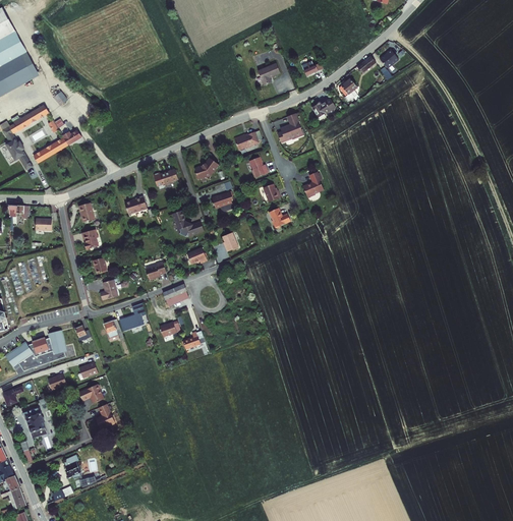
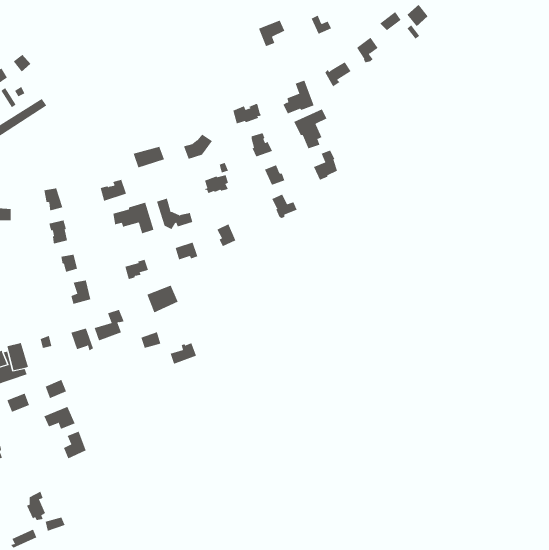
building: none -> [294,108,327,149]
building: none -> [113,202,154,234]

